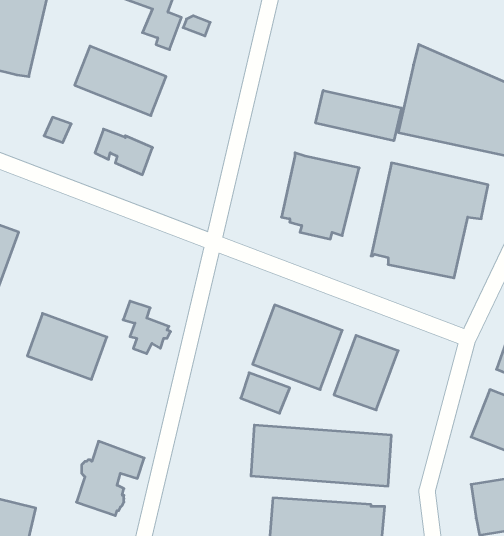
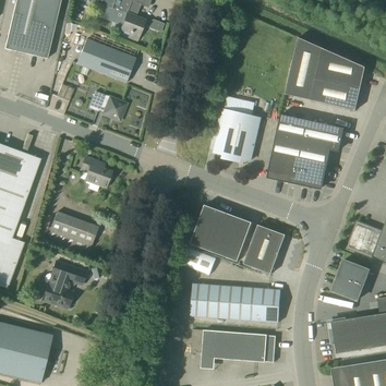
building: [316,90,401,141] -> none
building: [123,301,171,354] -> [81,157,111,191]
building: [76,441,144,516] -> [41,261,85,309]

